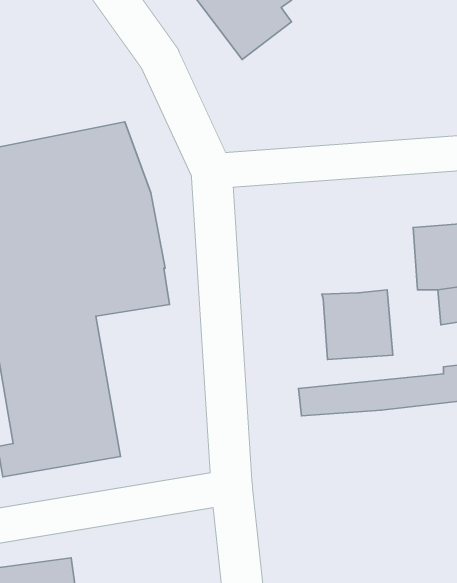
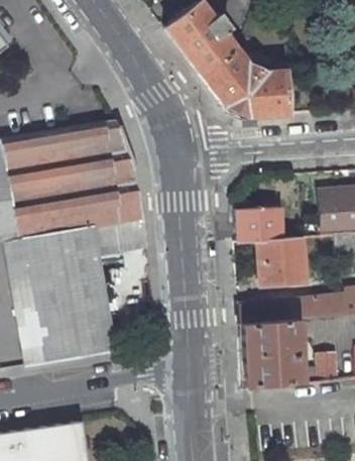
building: none -> [202,48,287,116]
building: none -> [238,206,282,242]
building: none -> [243,319,342,386]

